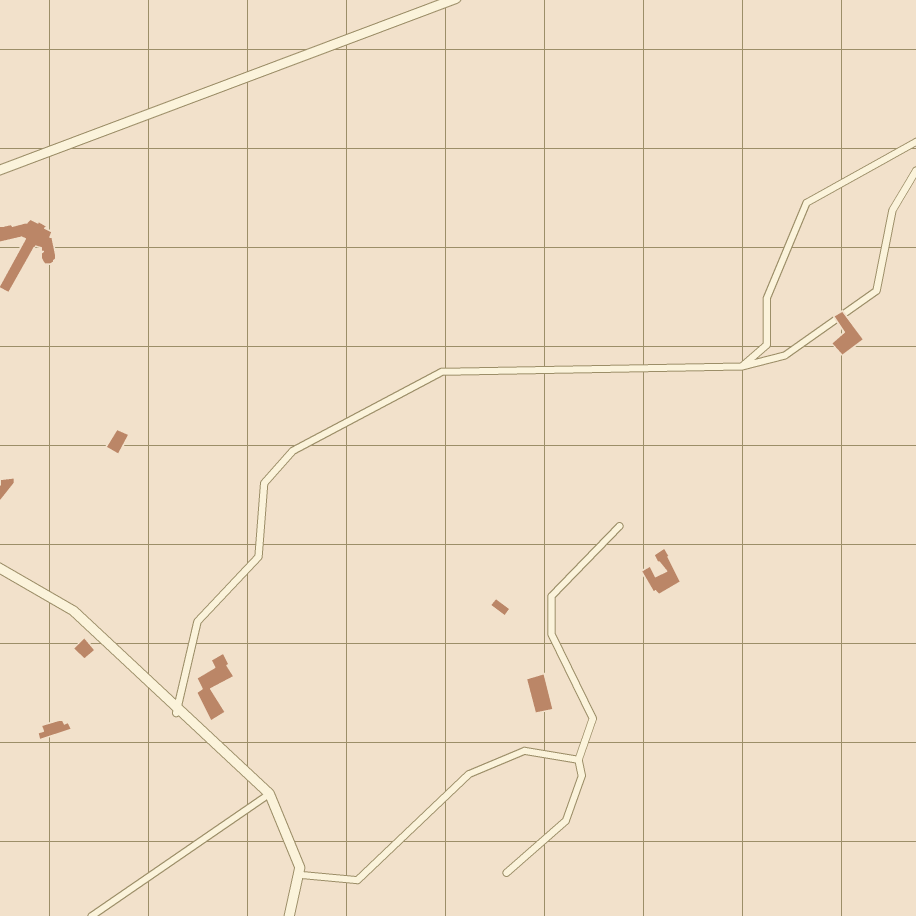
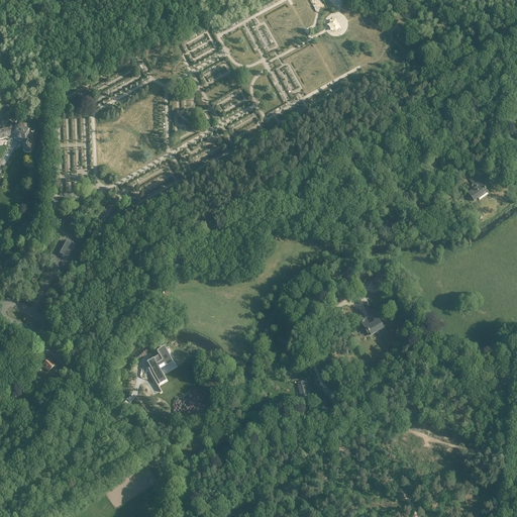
building: [197,653,234,721] -> [147,346,169,385]

